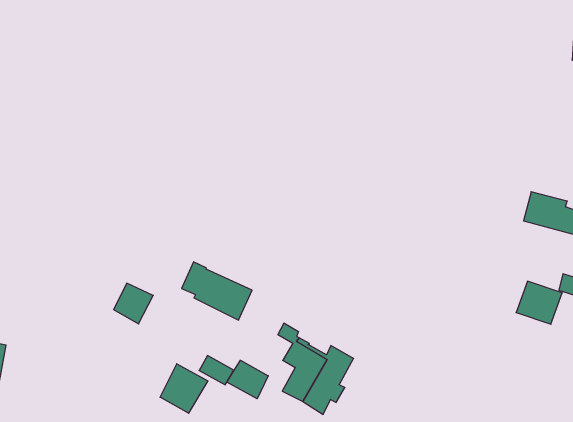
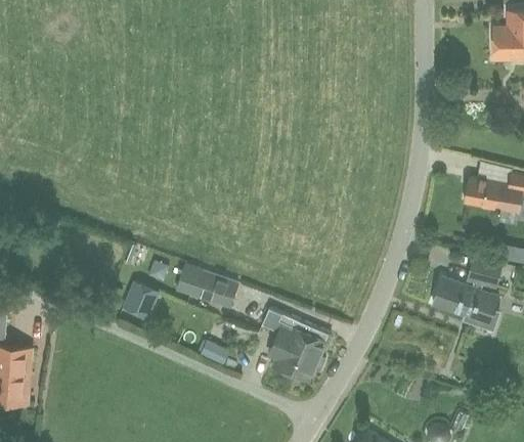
building: none -> [432,276,498,326]
building: [227,360,268,399] -> none
building: [160,364,208,413] -> none

